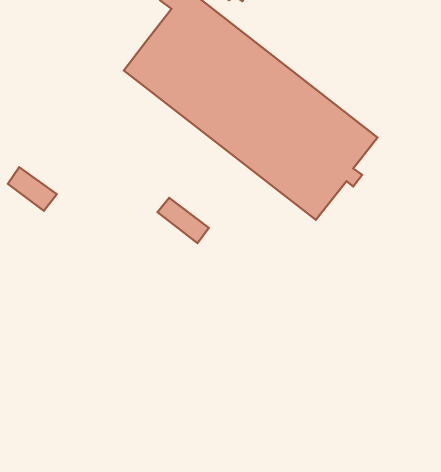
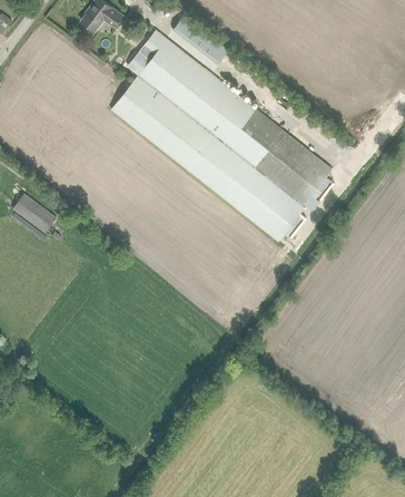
building: [157,198,209,243] -> none

